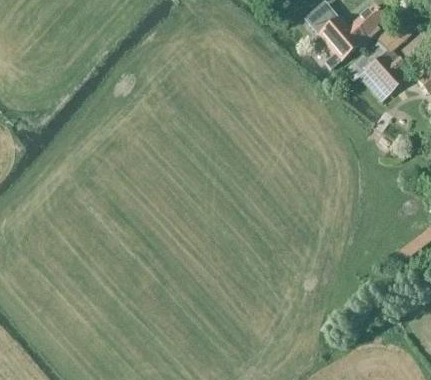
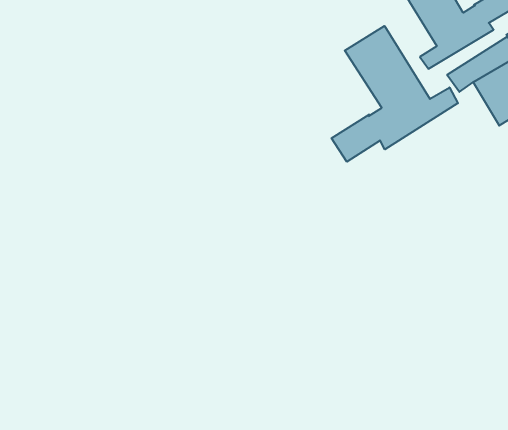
building: none -> [332,26,458,162]

